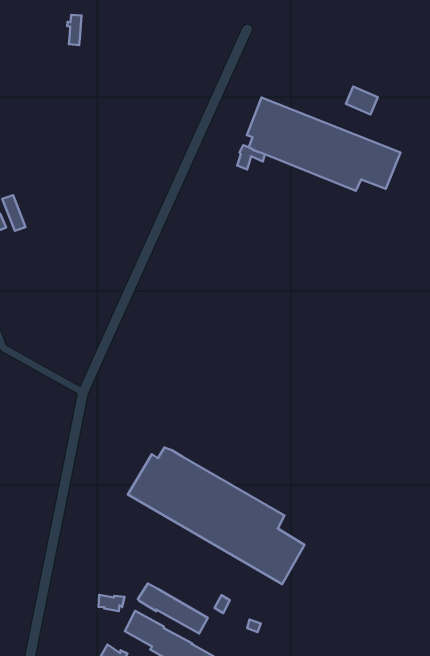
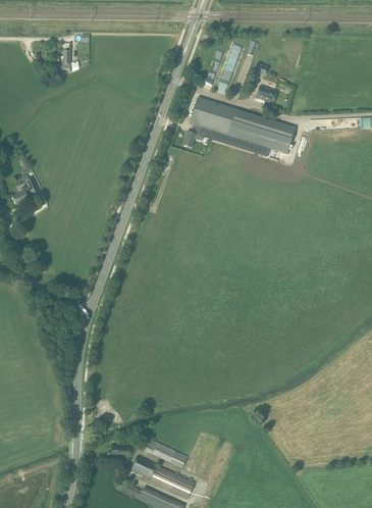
building: [128,447,305,584] -> none

